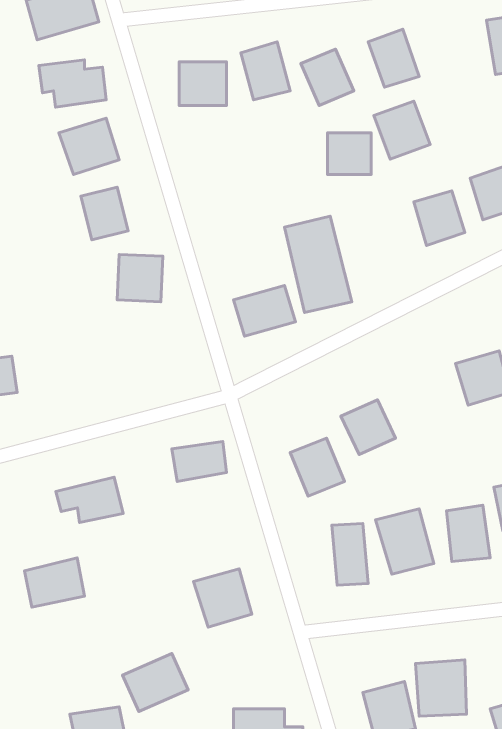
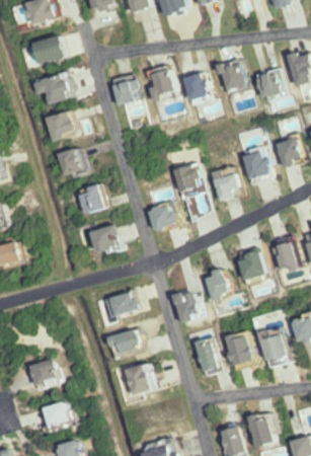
building: [374,101,430,159] -> [254,68,286,100]
building: [328,133,371,175] -> [214,175,238,199]
building: none -> [90,226,121,254]
building: none -> [232,248,266,280]
building: [56,477,123,522] -> [106,326,144,352]
building: [123,653,188,712] -> [37,397,74,430]

